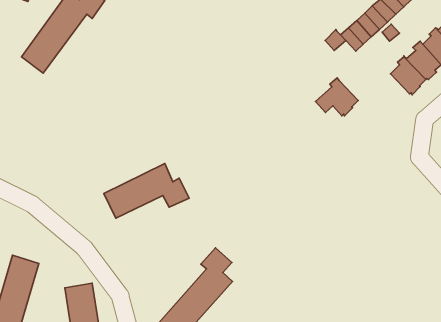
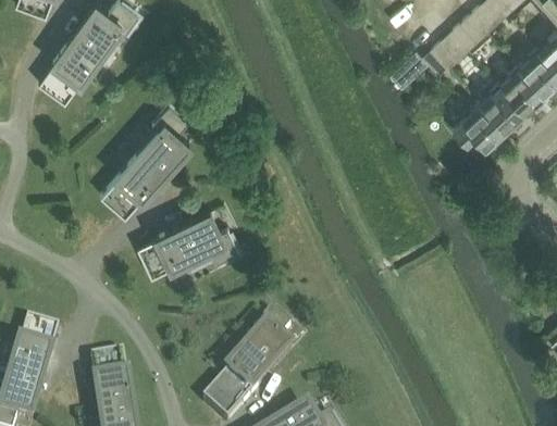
building: none -> [100,103,189,216]
building: [315,78,358,116] -> [453,99,504,145]

